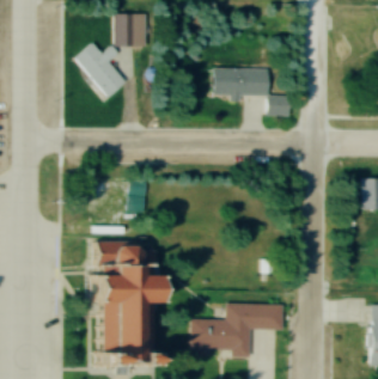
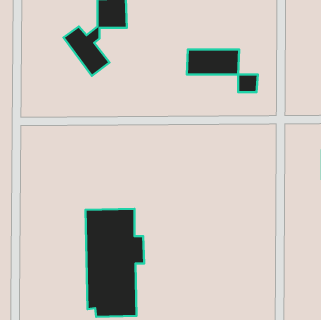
building: [191,304,282,356] -> none

